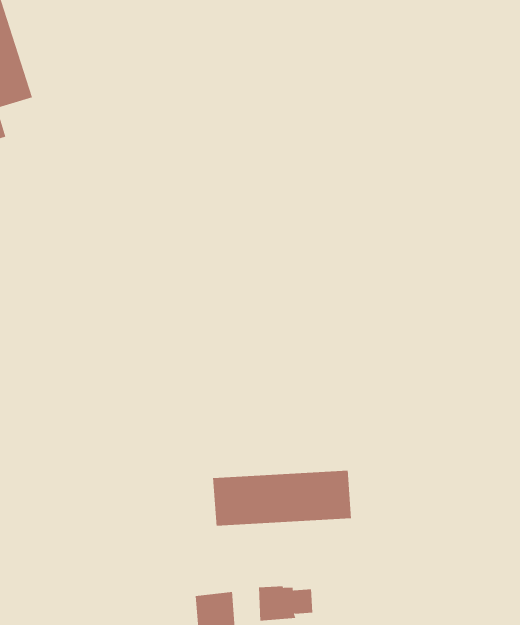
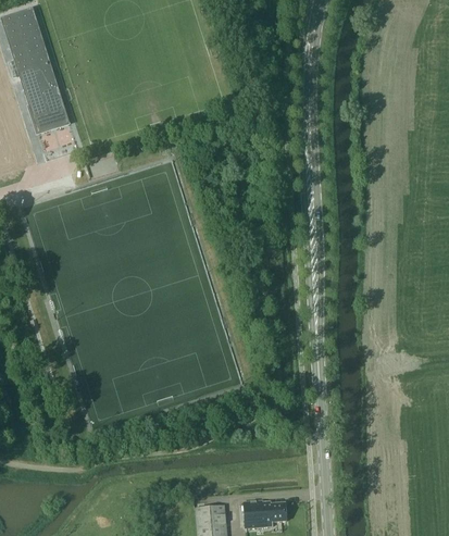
building: [213,470,352,527] -> none

